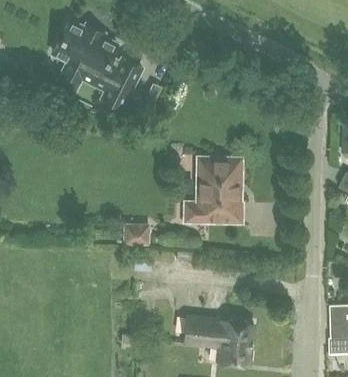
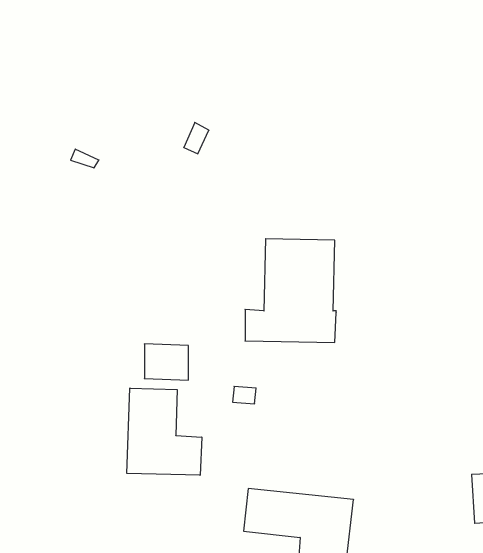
building: [54,21,142,109] -> none
building: none -> [127,388,202,475]

